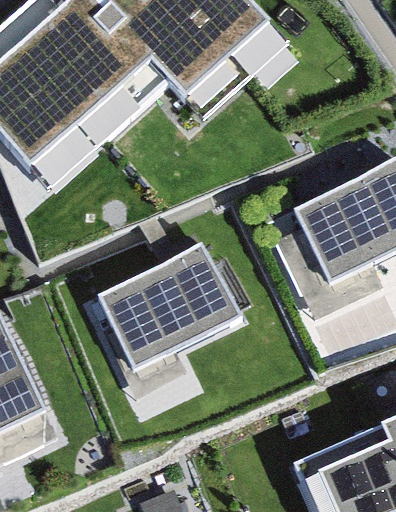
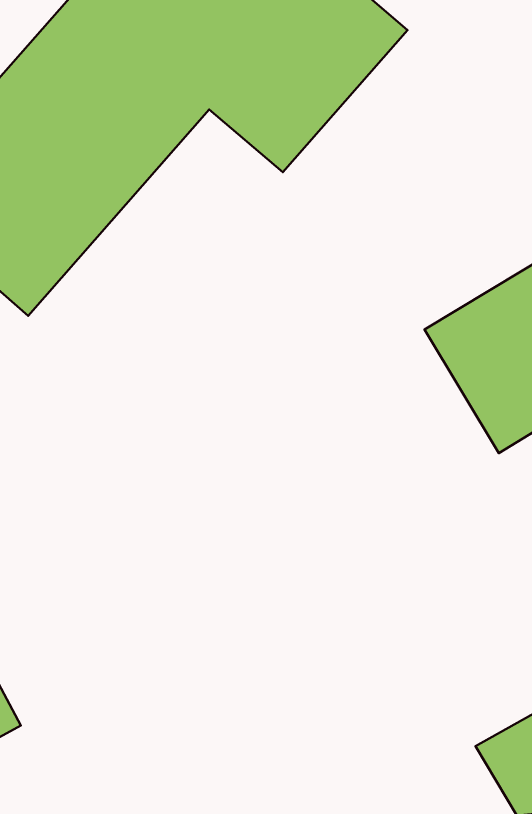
building: [96,246,239,373] -> none

